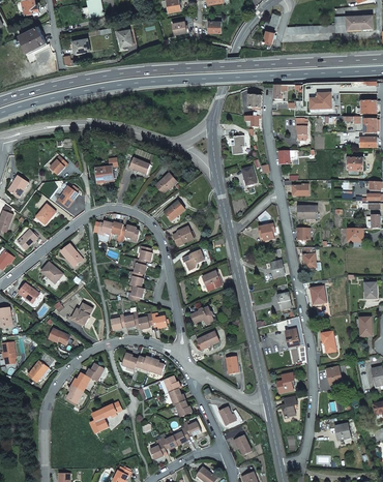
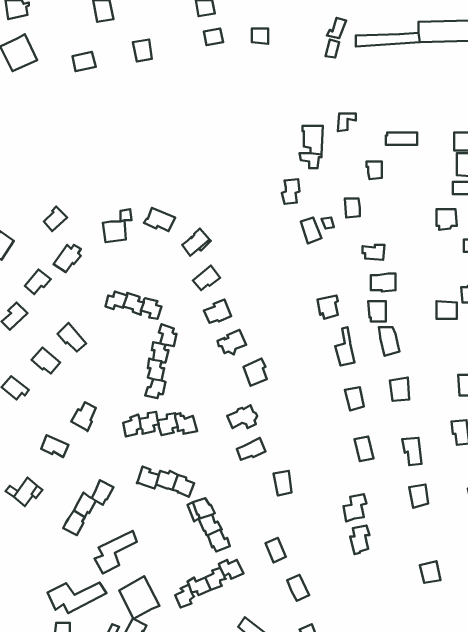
building: none -> [119,576,160,619]
building: none -> [48,582,107,613]

